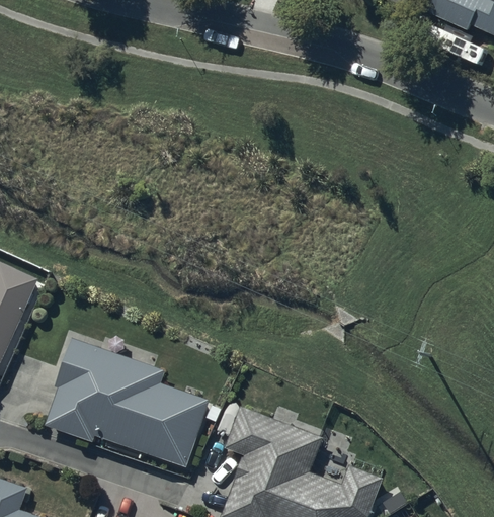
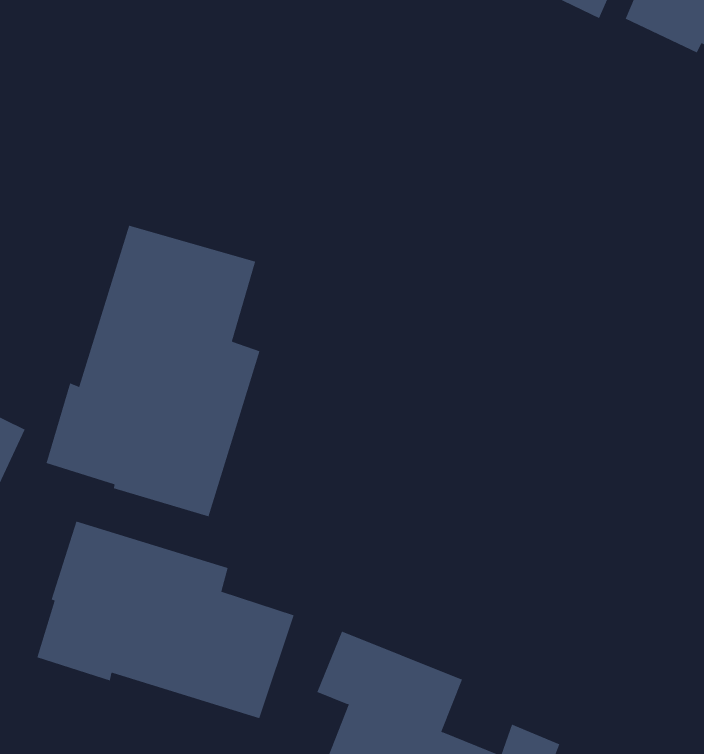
building: none -> [46,225,260,517]

